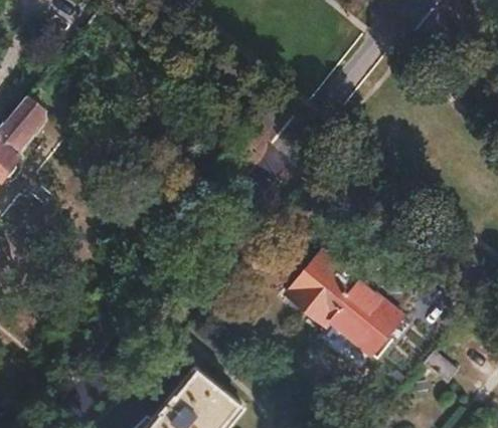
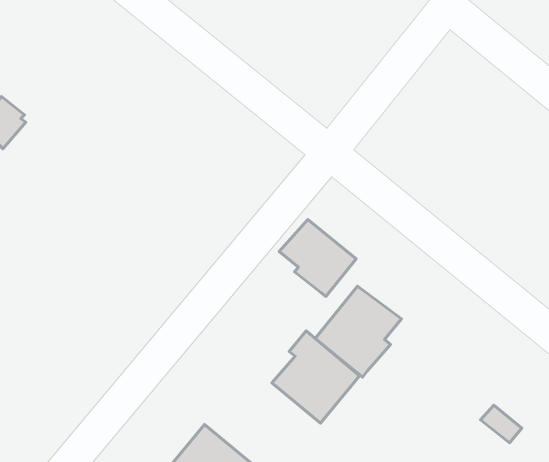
building: none -> [279,219,356,297]
building: [330,280,402,357] -> [272,331,359,423]

